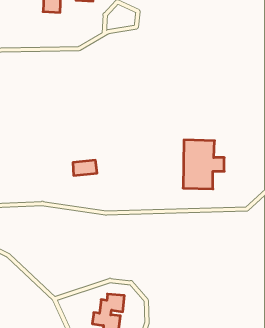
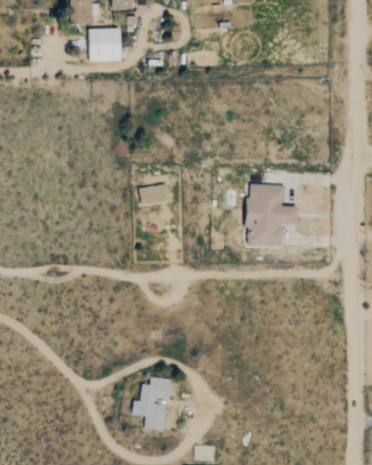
building: none -> [88,28,120,61]
building: [73,160,97,175] -> [140,185,170,204]

